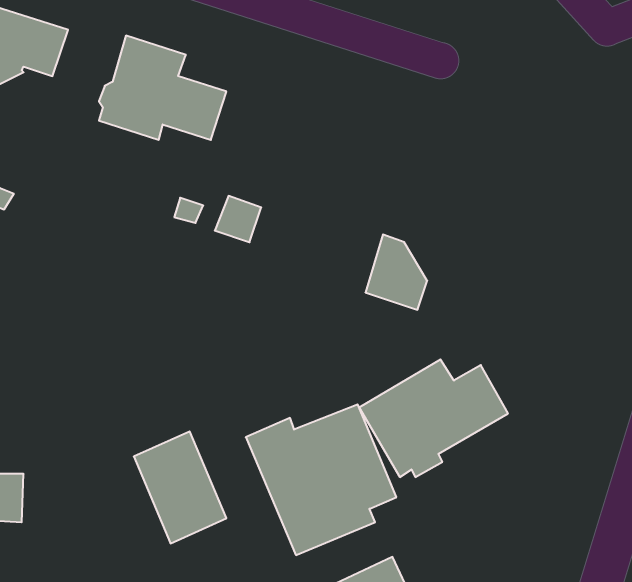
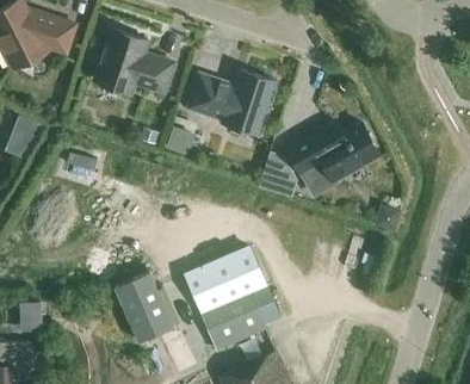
building: none -> [188,69,274,134]
building: [359,359,508,477] -> [286,119,378,192]

